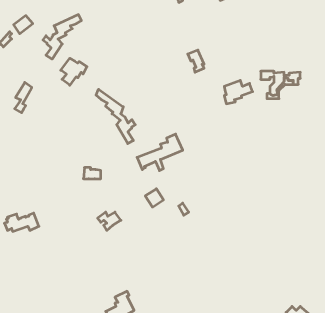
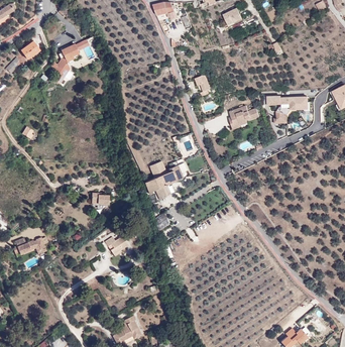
building: [61,58,87,85] -> none
building: [96,89,135,144] -> none

